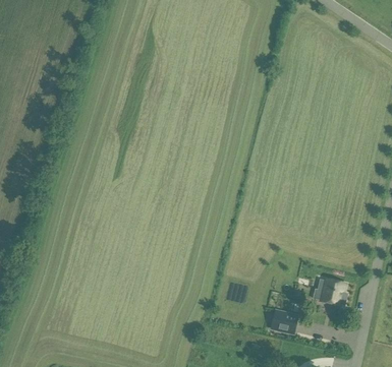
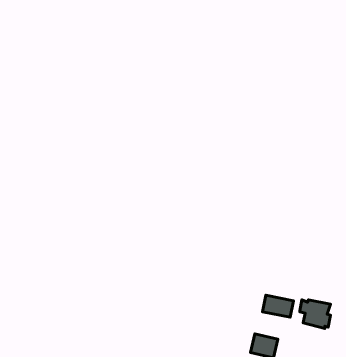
building: none -> [262,295,293,317]

